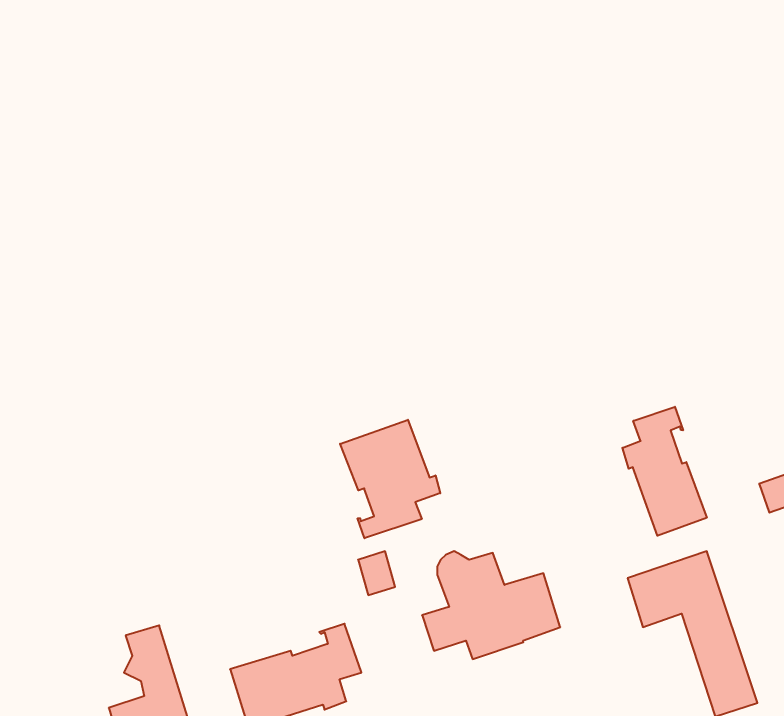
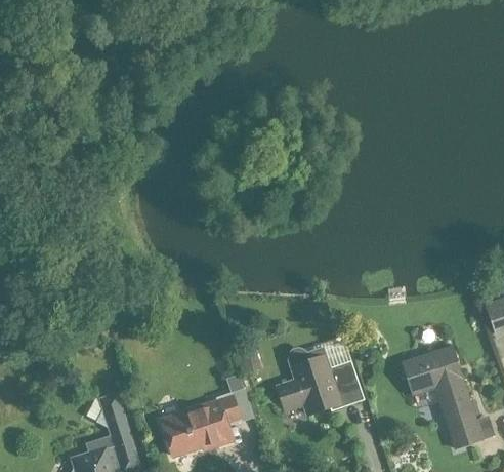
building: [622,407,707,536] -> none
building: [340,420,440,538] -> none

